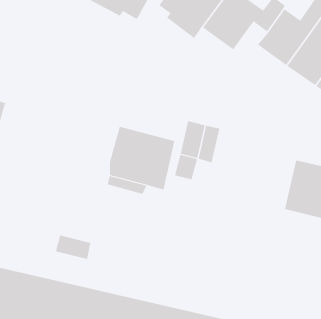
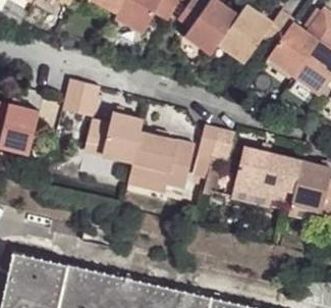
building: none -> [62,75,99,113]
building: none -> [82,110,143,162]
building: none -> [231,144,300,205]

